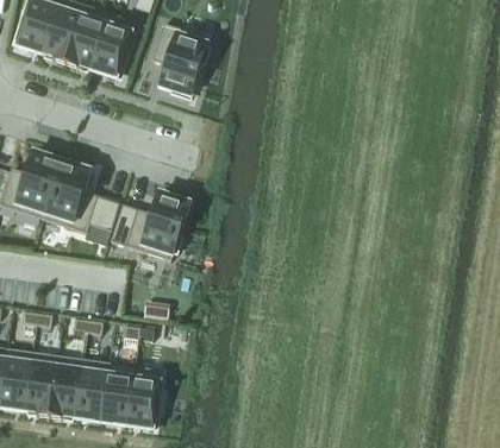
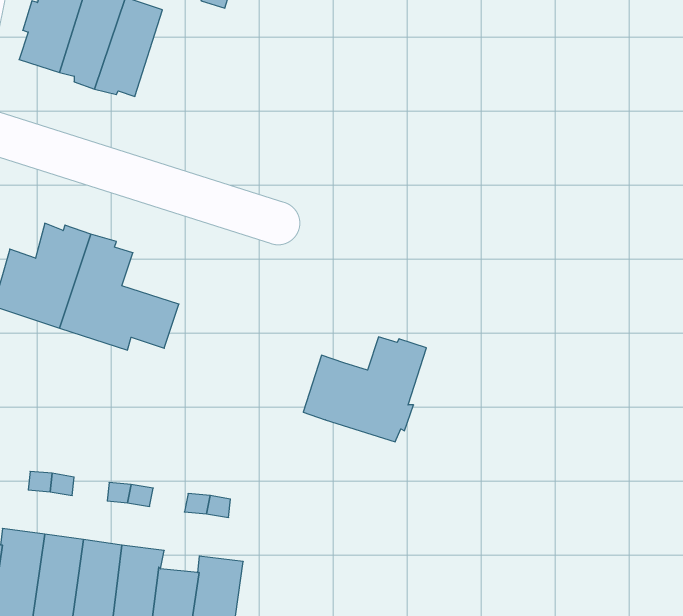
building: [92,13,136,77] -> none
building: [151,24,210,99] -> none
building: [111,193,190,260] -> [303,337,426,442]

